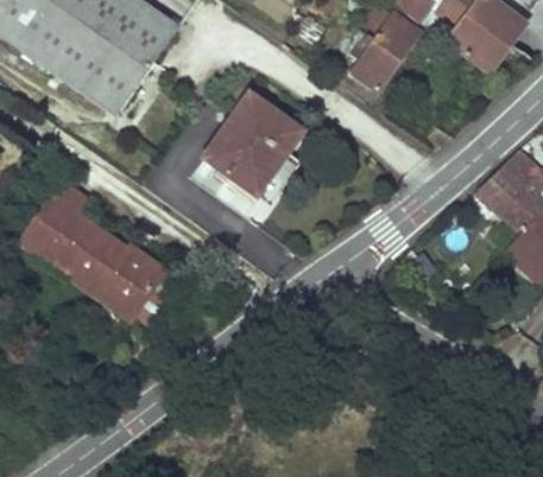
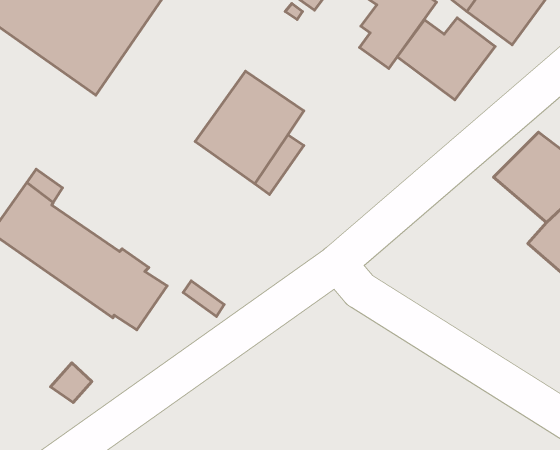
building: none -> [397,18,495,100]

